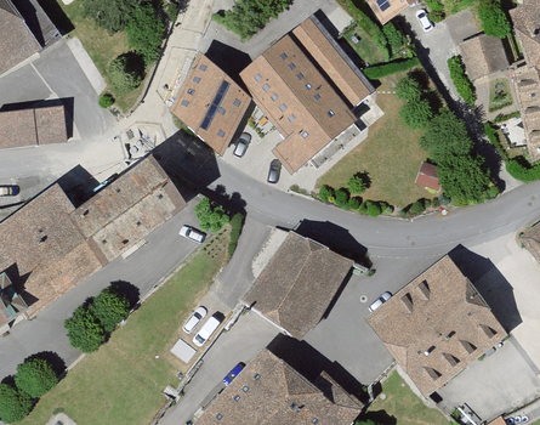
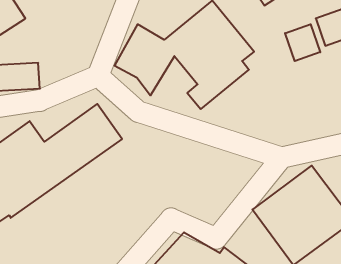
building: none -> [285,24,320,61]
building: [244,221,354,338] -> none

